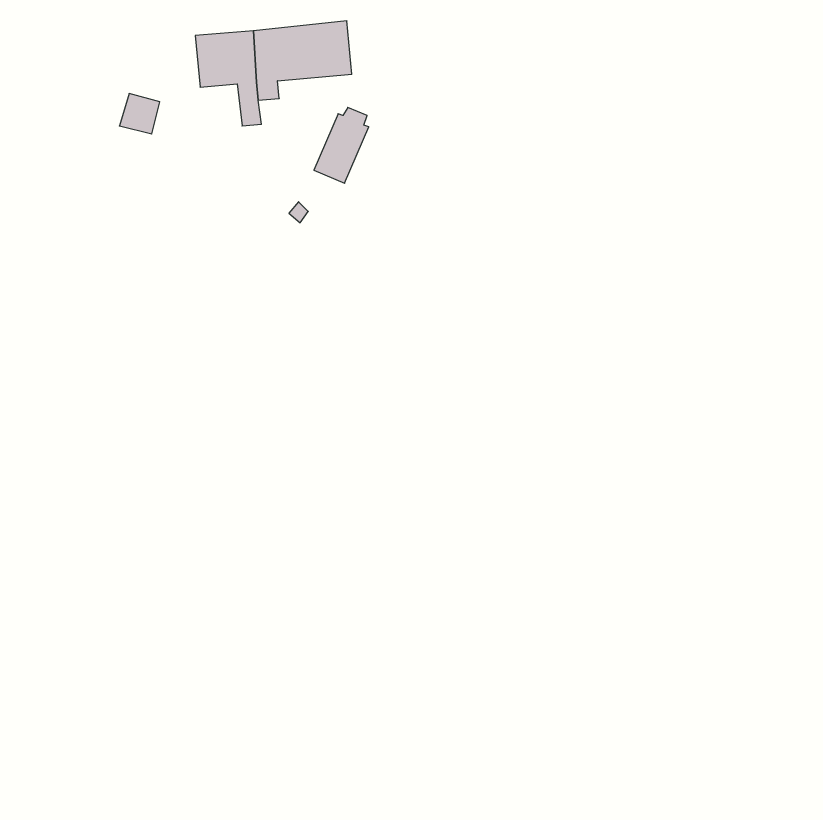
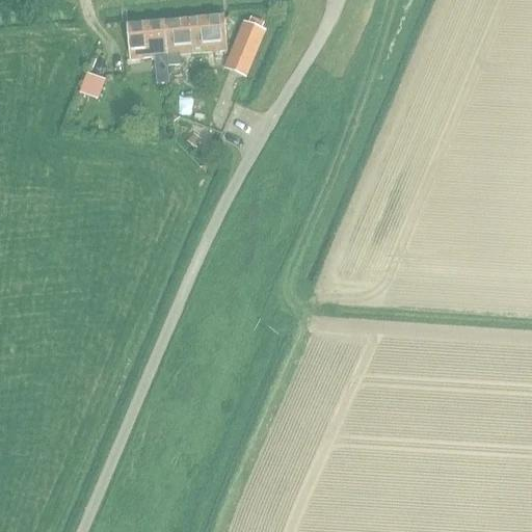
building: [314,107,369,183] -> [228,17,263,65]

